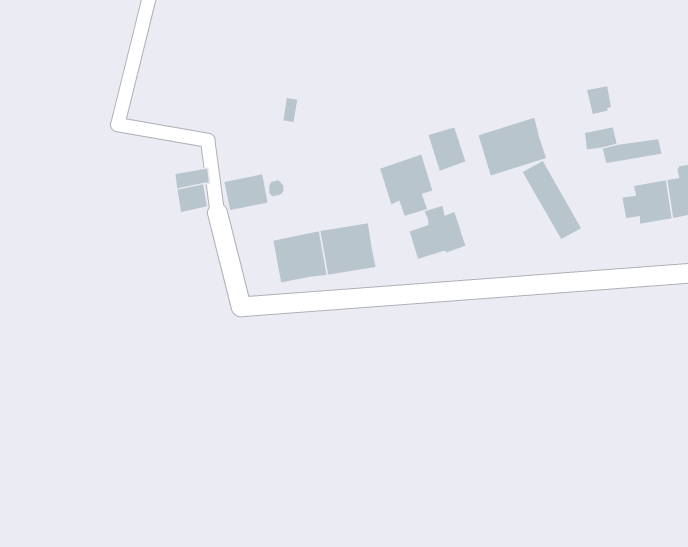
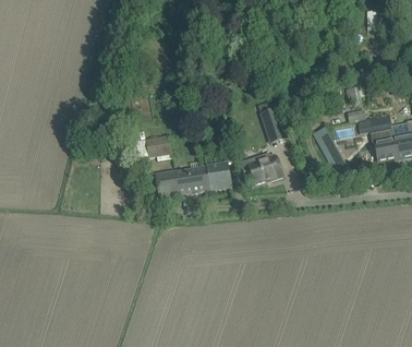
building: [478,117,547,177] -> none
building: [379,154,434,217] -> none
building: none -> [155,170,179,198]

